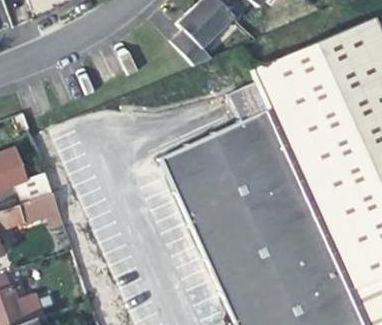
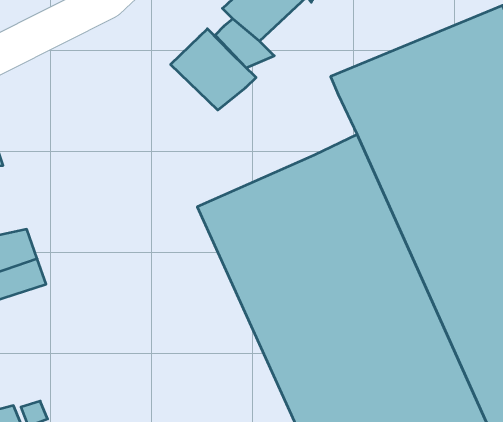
building: none -> [171,29,256,110]
building: [229,82,270,123] -> none

